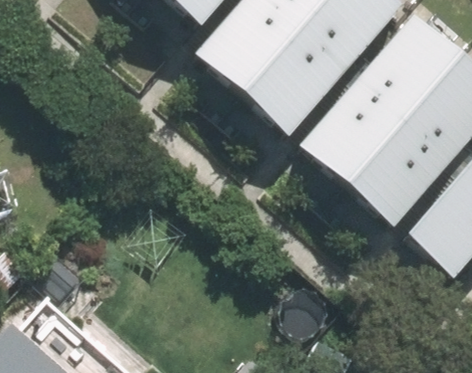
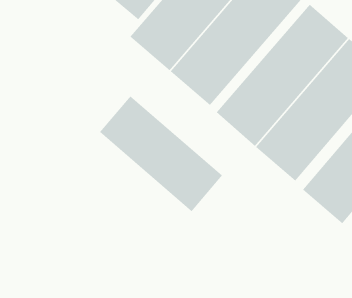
building: none -> [99,95,223,212]

